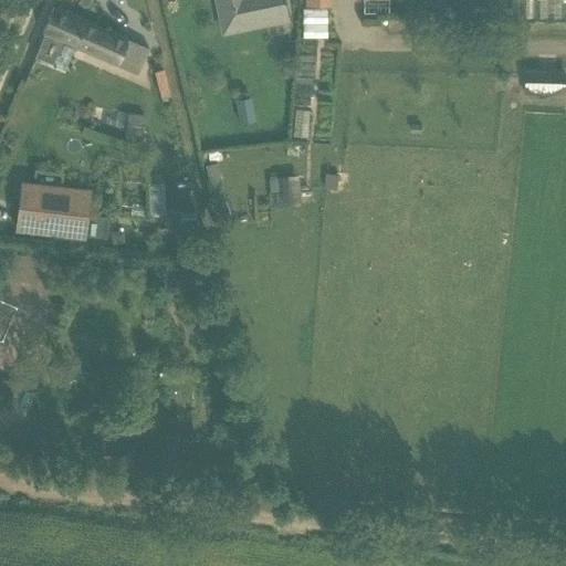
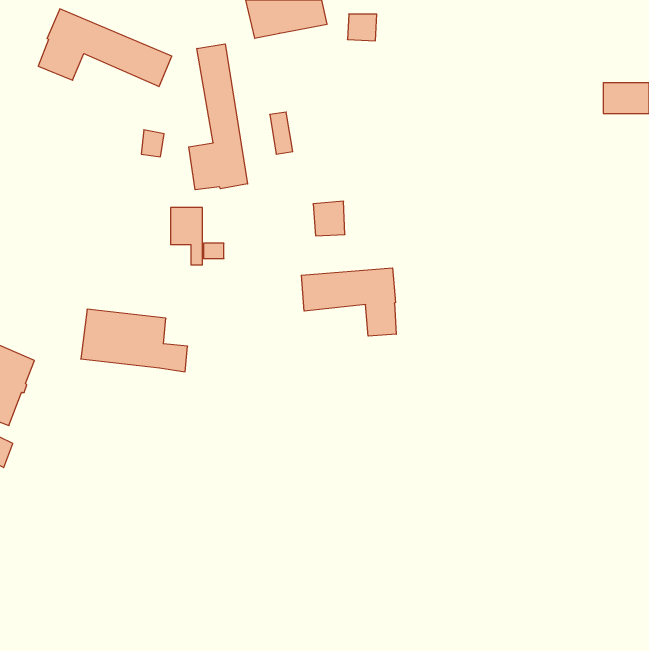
building: none -> [189,44,248,190]
building: [14,185,107,239] -> [81,309,188,372]
building: none -> [301,268,396,336]

